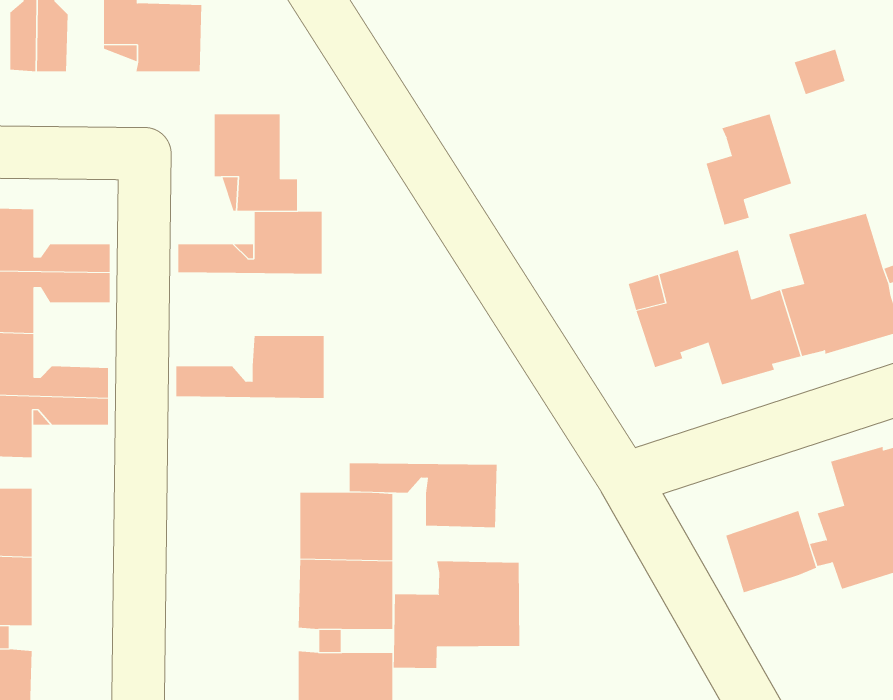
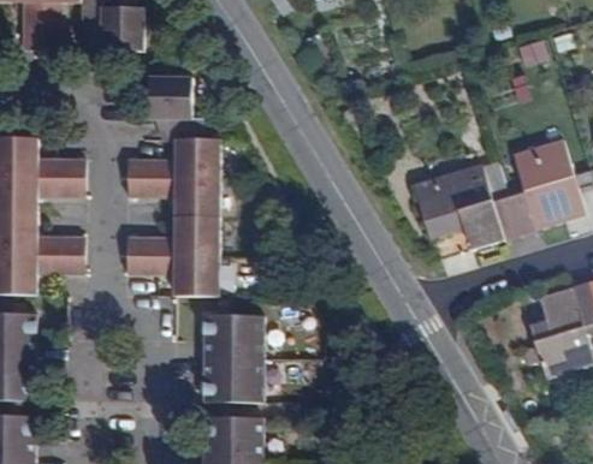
building: [706,114,792,226] -> none
building: none -> [126,177,219,216]
building: [349,463,498,528] -> [125,255,219,296]
building: [725,510,817,593] -> none
building: [393,561,520,669] -> none

